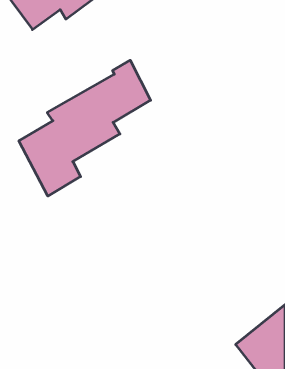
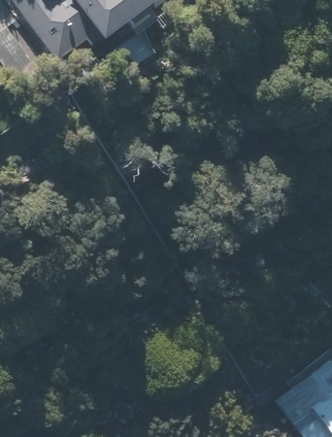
building: [19,60,151,196] -> none

